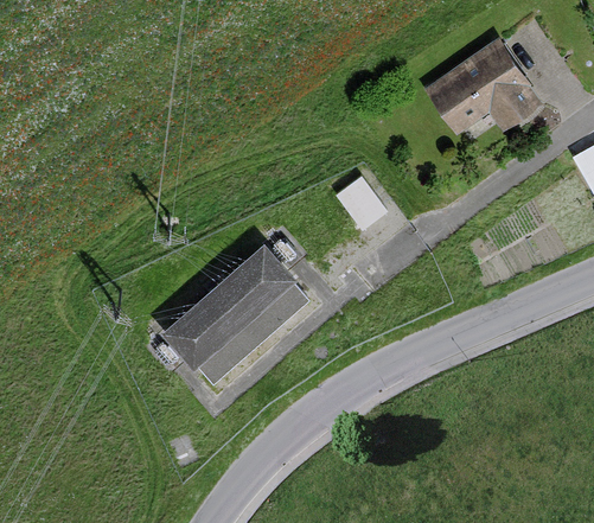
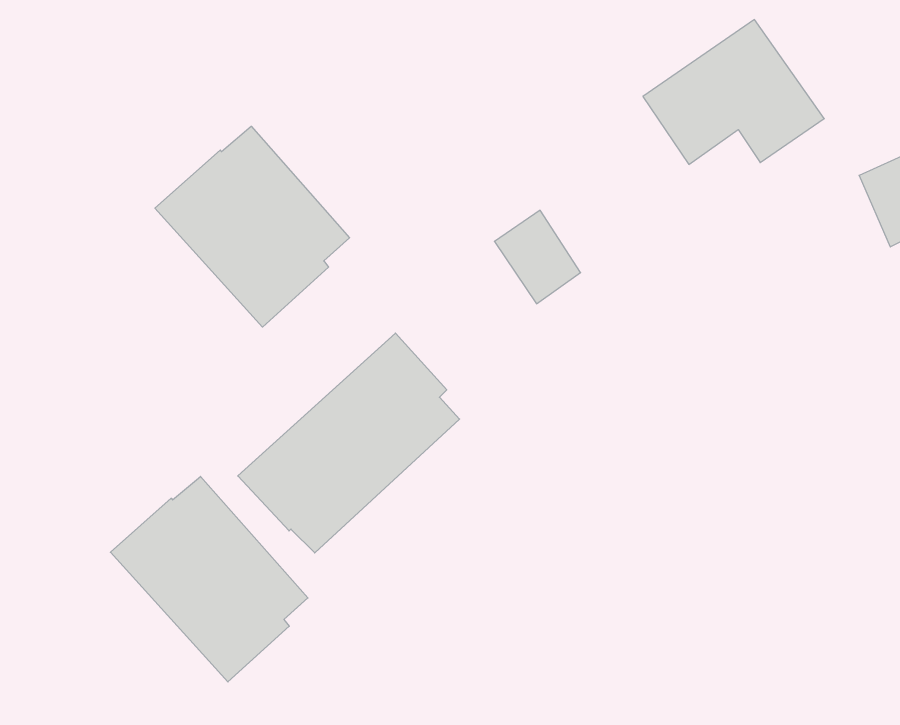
building: none -> [155,126,350,327]
building: none -> [110,476,308,682]

